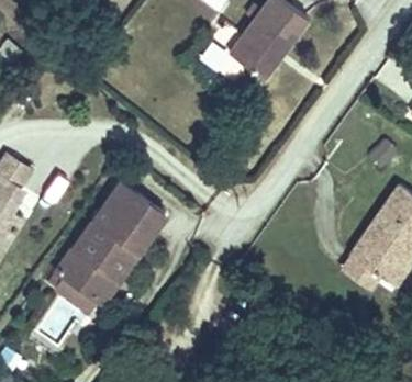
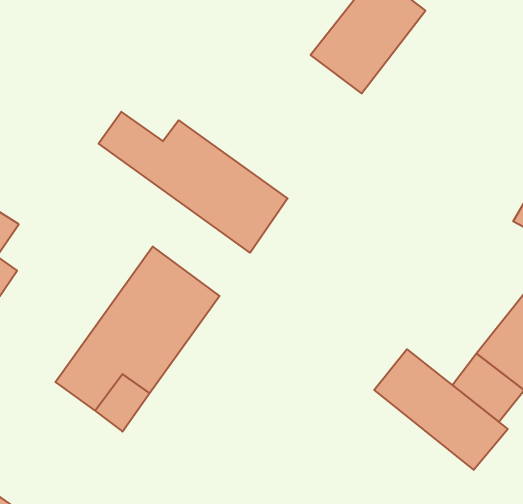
building: none -> [99,112,288,253]
building: none -> [374,349,508,470]

